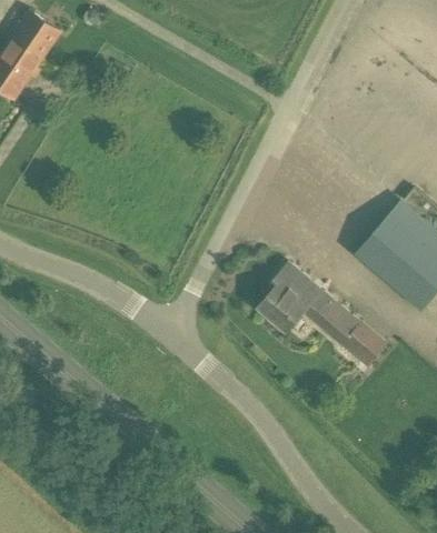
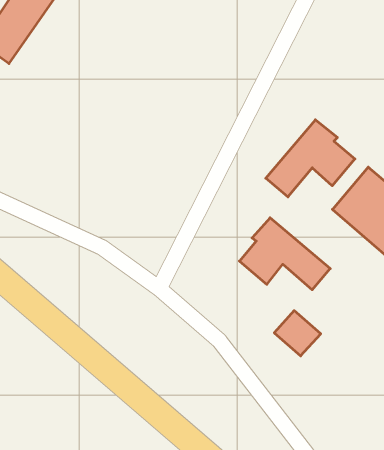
building: none -> [266,120,355,197]
building: [338,319,387,366] -> [274,311,321,356]

